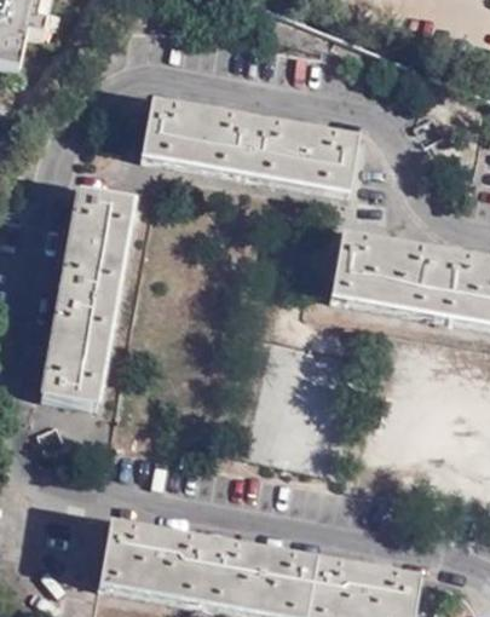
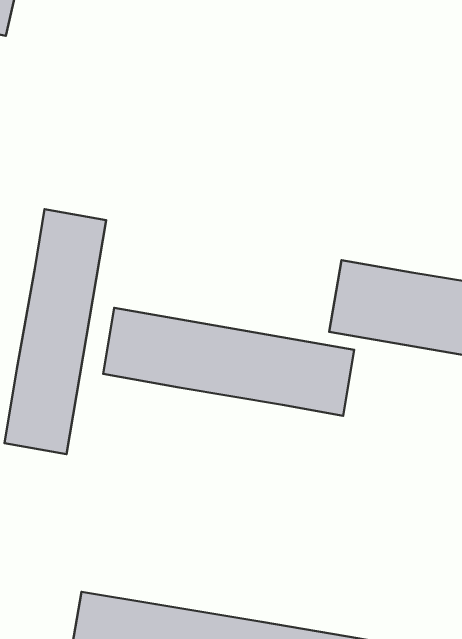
building: [140,106,358,198] -> none
building: none -> [103,308,354,416]

